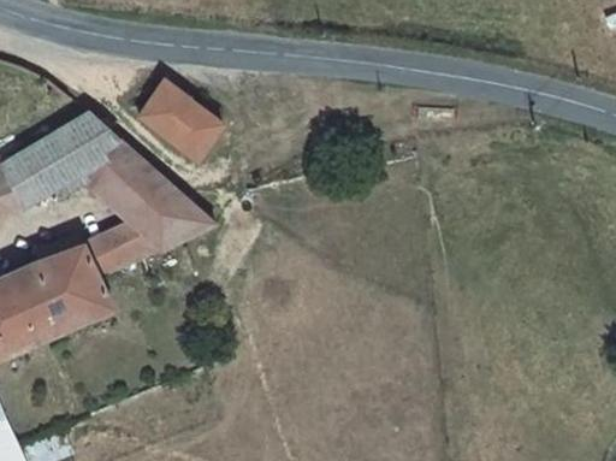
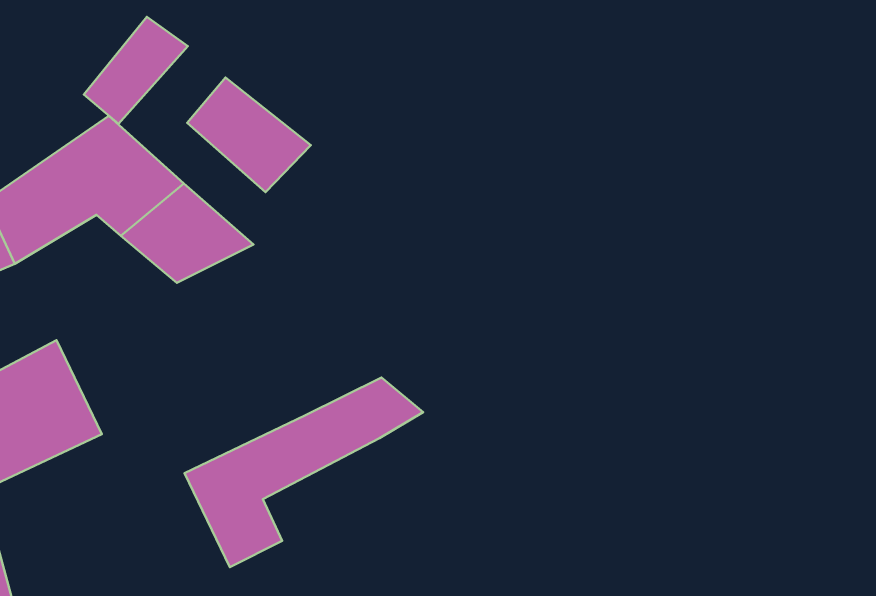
building: none -> [84,17,188,124]
building: [46,195,211,326] -> [185,377,423,567]

